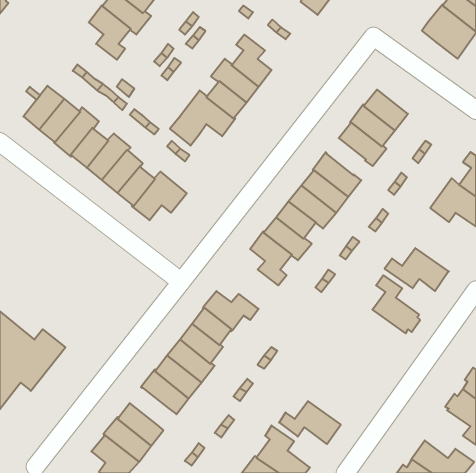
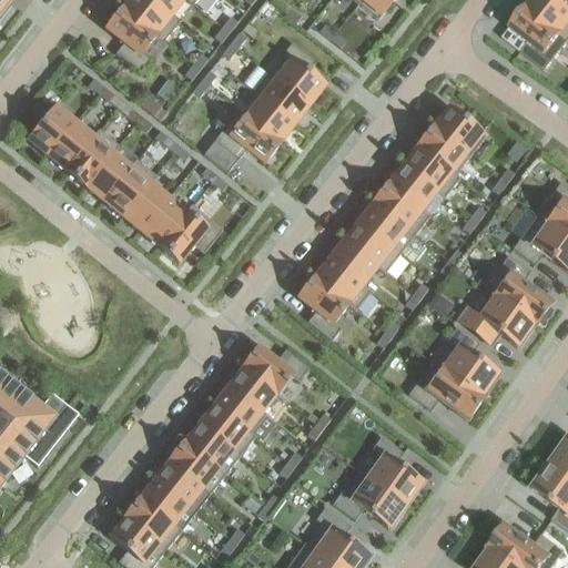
building: none -> [388,164,435,209]
building: none -> [493,254,551,324]
building: none -> [407,367,484,419]
building: none -> [366,435,422,505]
building: none -> [154,460,210,511]

